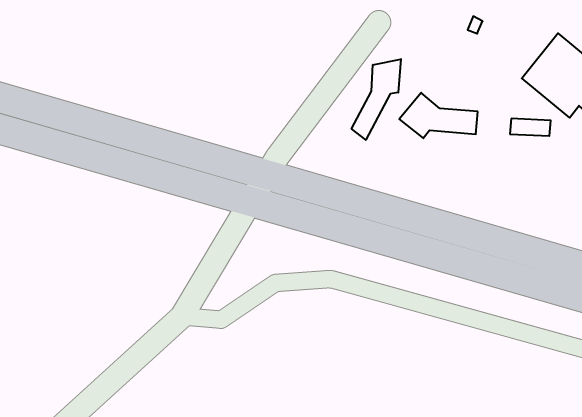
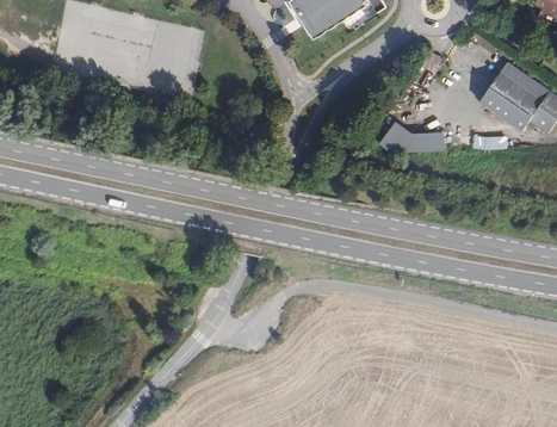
building: [352,59,401,140] -> none

